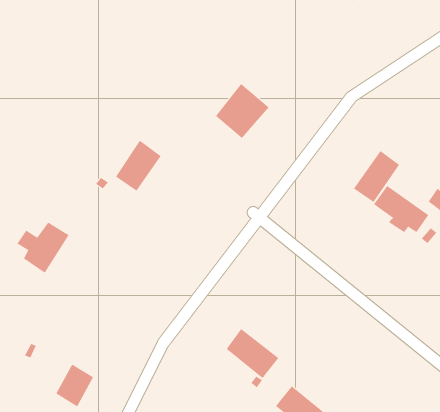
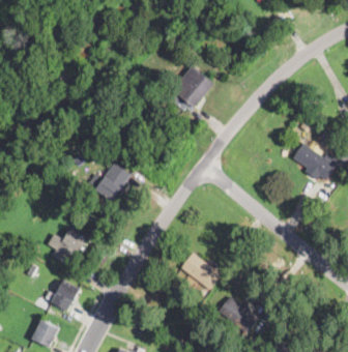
building: [115,140,161,192] -> [96,162,132,201]
building: [353,150,400,203] -> none
building: [16,222,70,273] -> [48,228,88,267]

